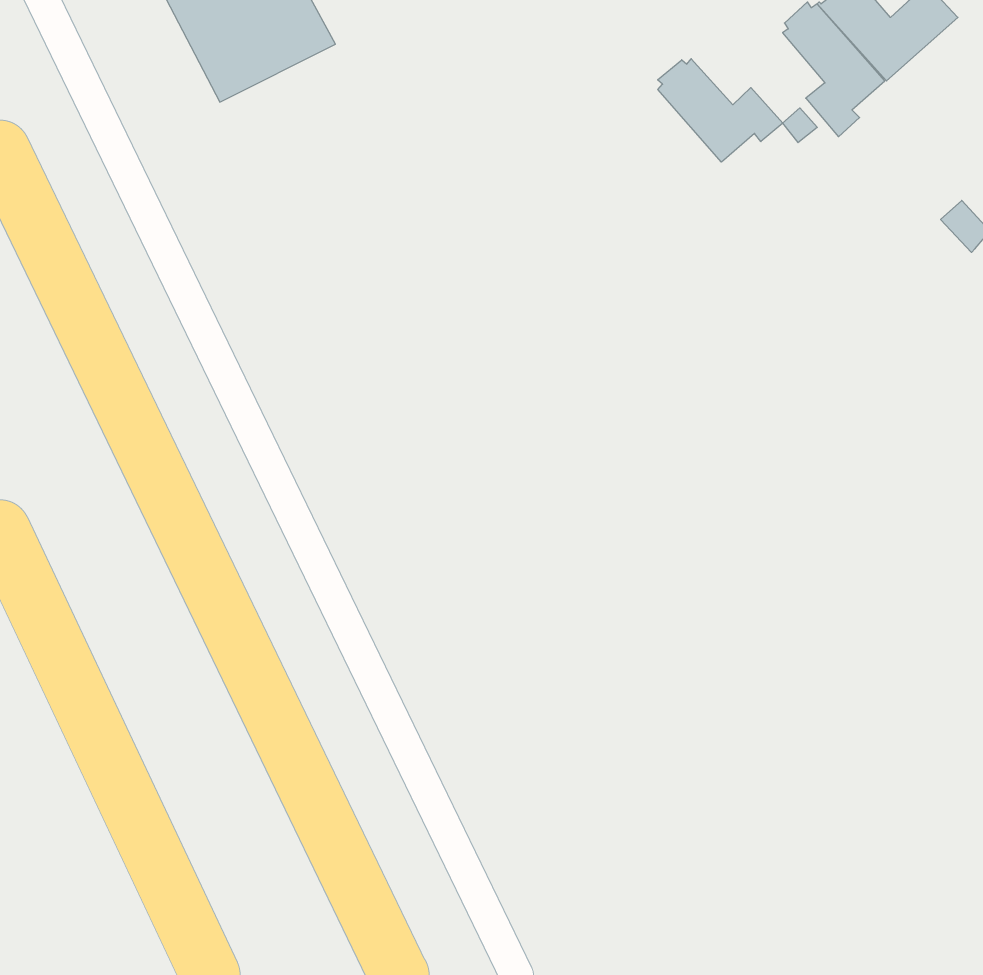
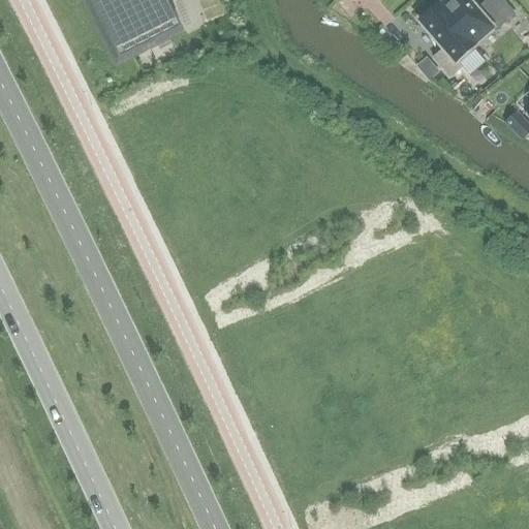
building: [658,59,783,162] -> none

